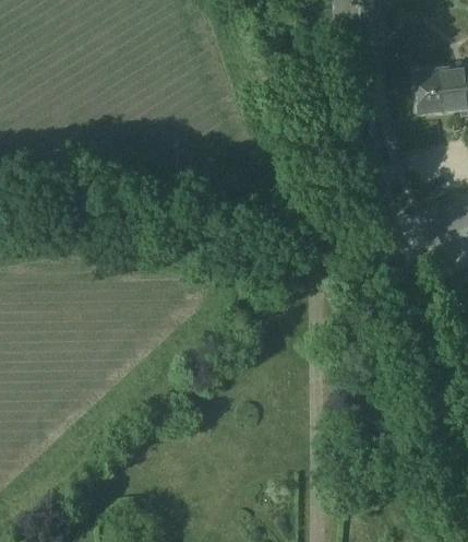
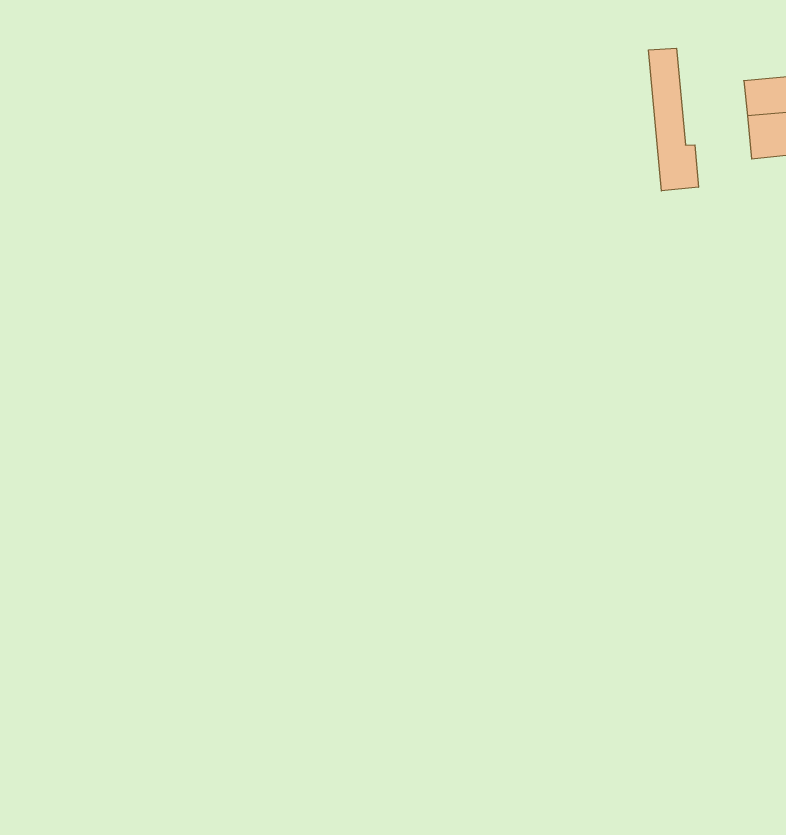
building: none -> [649,48,698,191]

